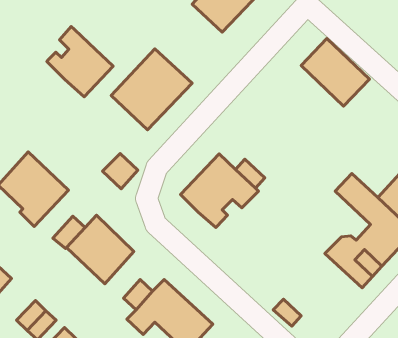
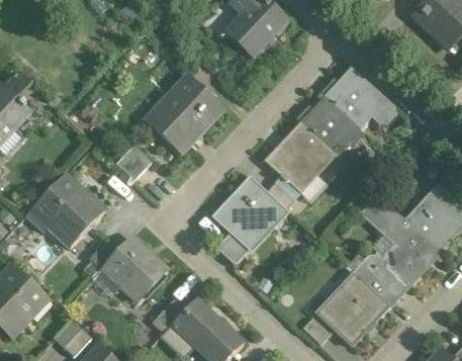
building: [47,26,113,97] -> none
building: none -> [303,90,371,158]
building: none -> [265,121,336,193]
building: [103,154,138,189] -> [116,145,151,179]
building: none -> [216,233,249,264]
building: none -> [316,273,389,346]

